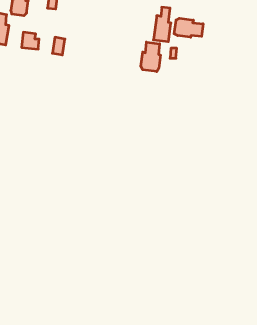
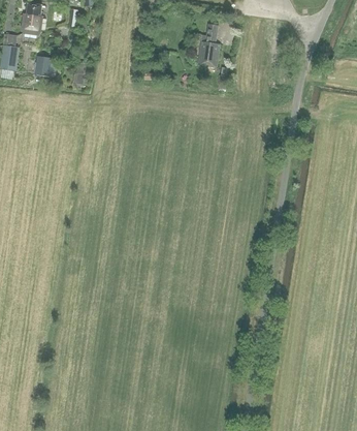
building: [174,18,203,37] -> none
building: [141,42,160,72] -> none

